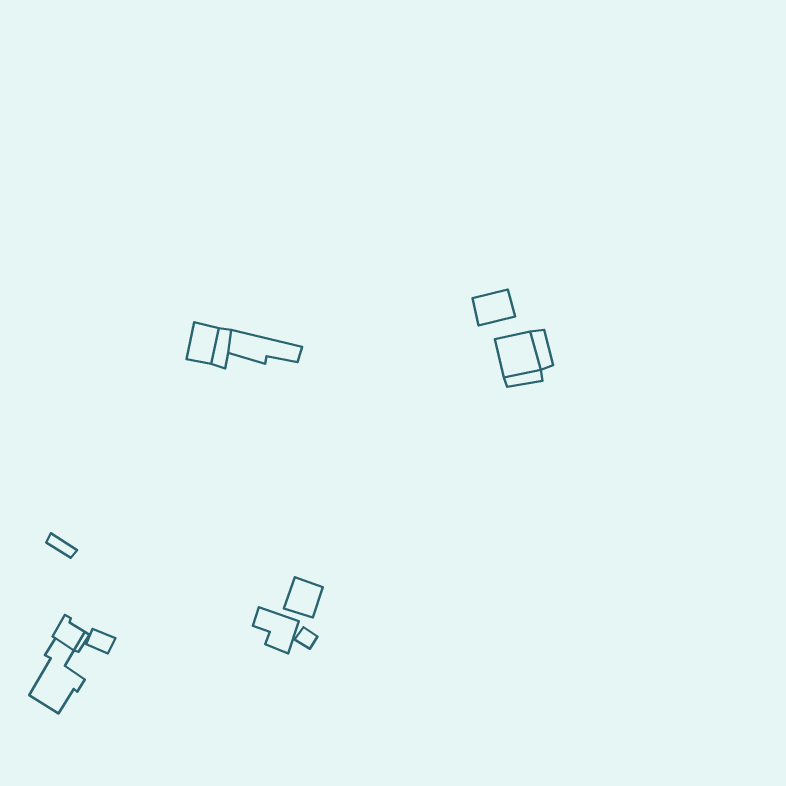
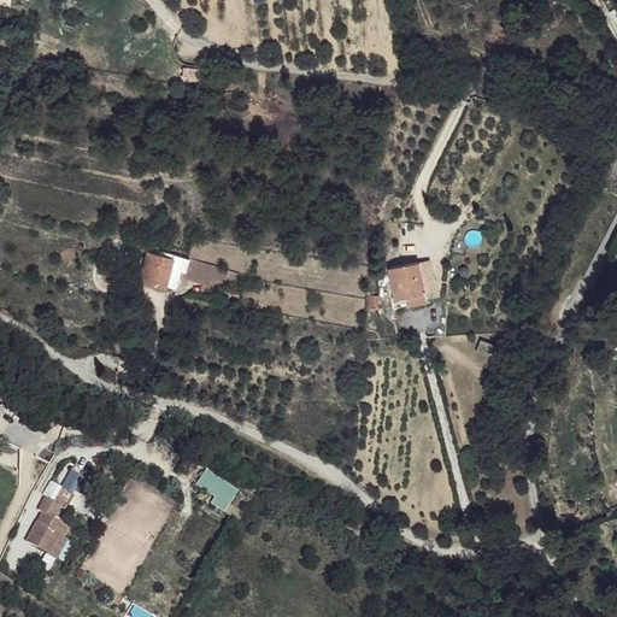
building: [472,289,515,325] -> none
building: [284,577,323,618] -> none

